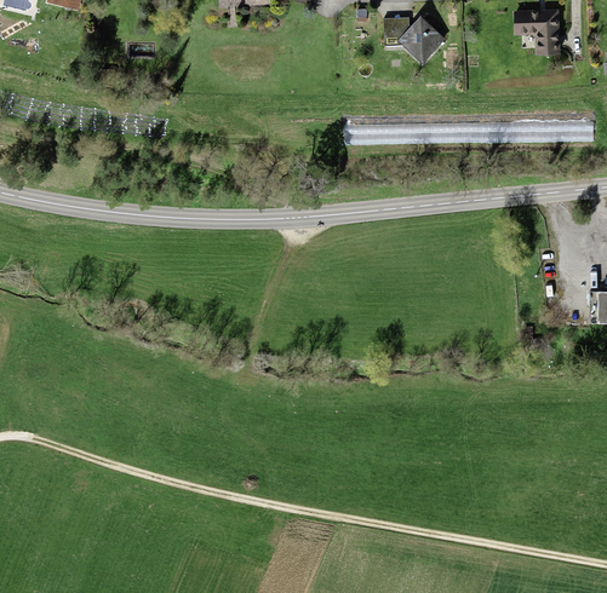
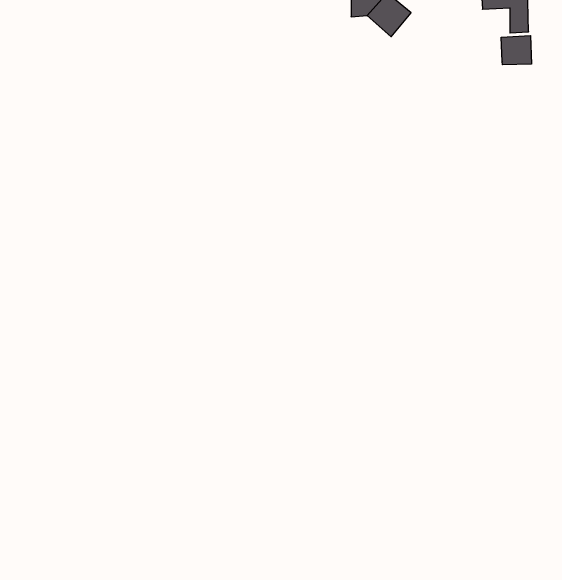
building: none -> [501,36,531,65]

